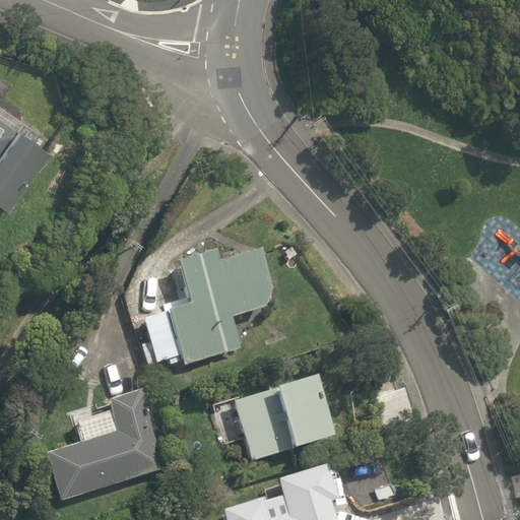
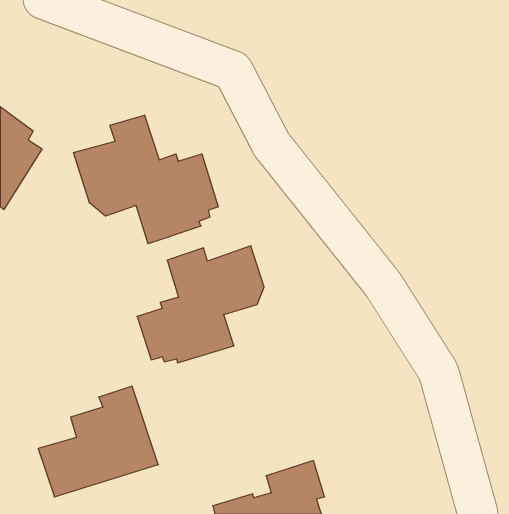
building: none -> [74,115,218,244]
building: [233,375,329,461] -> none

